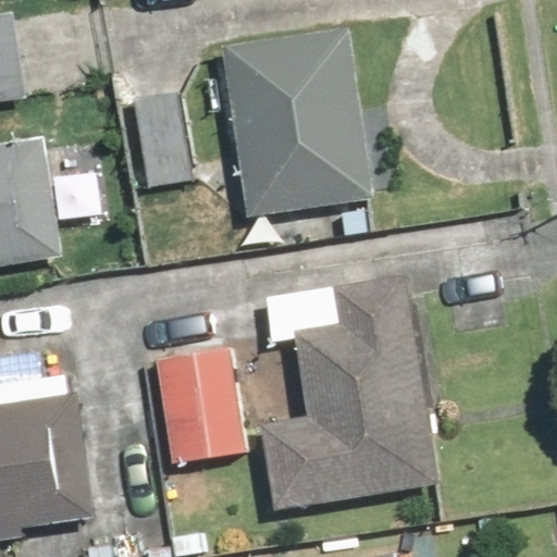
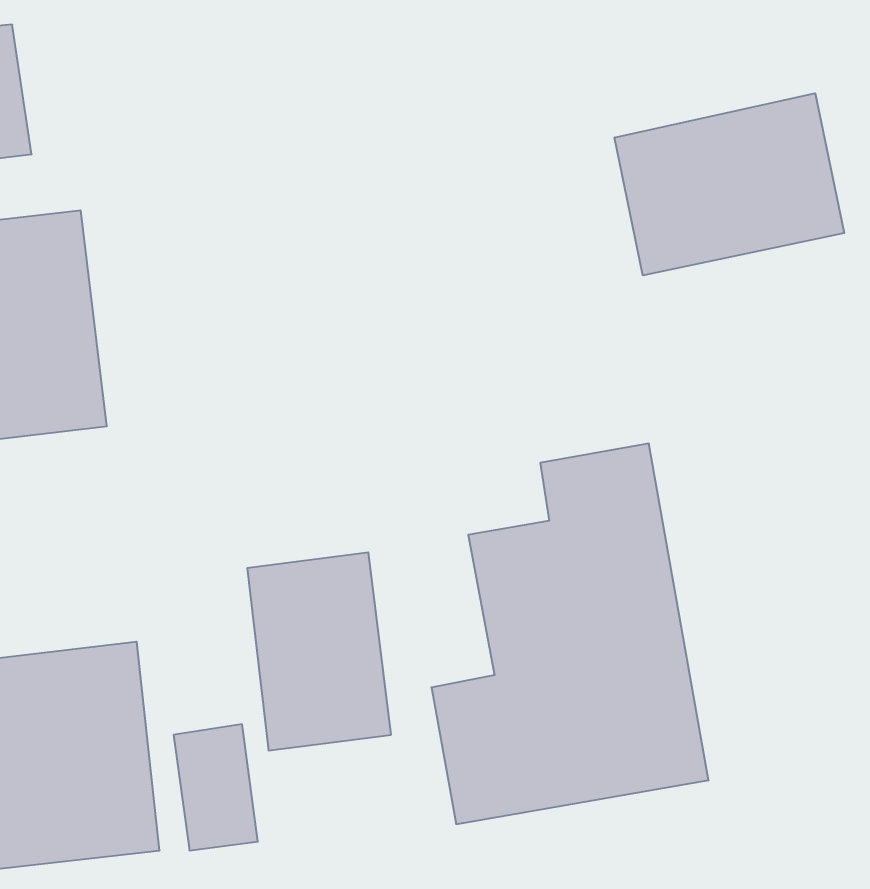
building: [213,20,377,212] -> none
building: none -> [615,93,844,275]

